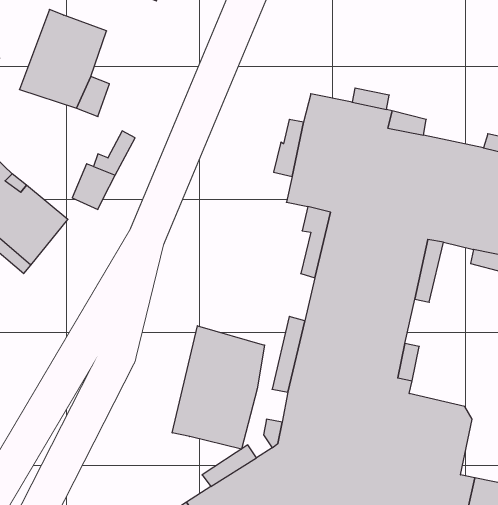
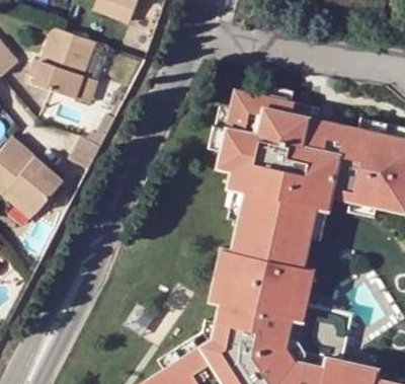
building: [172,326,265,449] -> none

